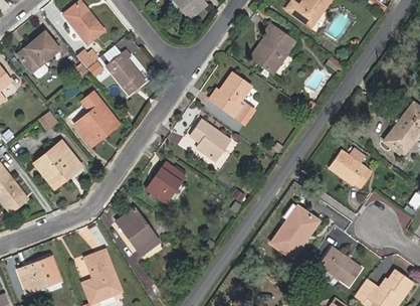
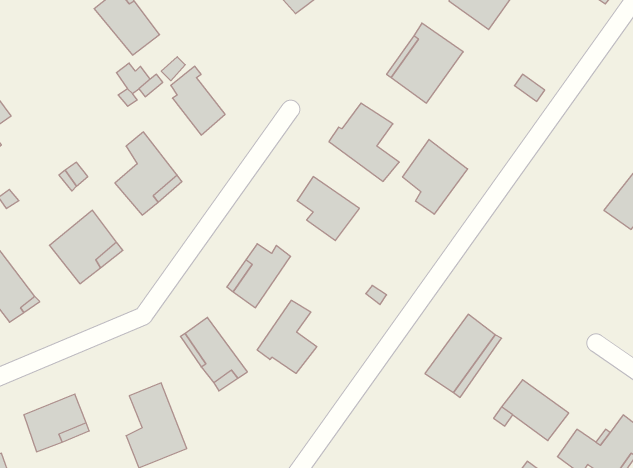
building: [17,31,58,71] -> none
building: none -> [403,139,468,214]
building: [329,151,371,187] -> none
building: none -> [257,300,317,373]

